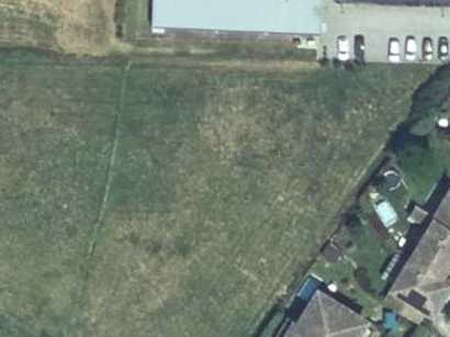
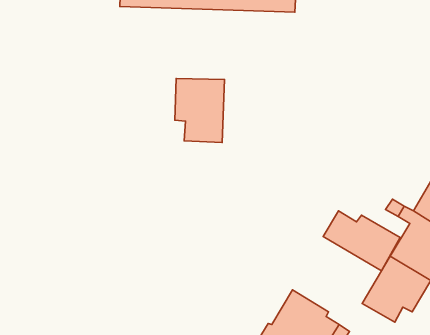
building: none -> [175,78,224,142]
building: none -> [323,211,400,271]

